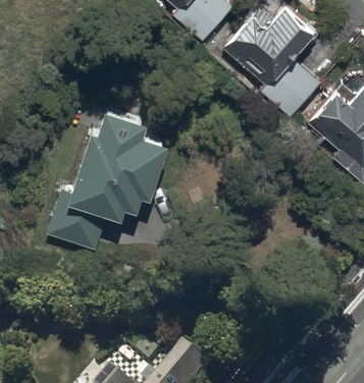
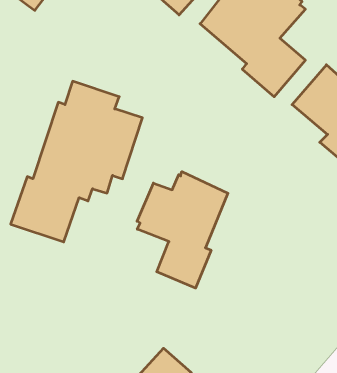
building: none -> [137,172,228,288]

